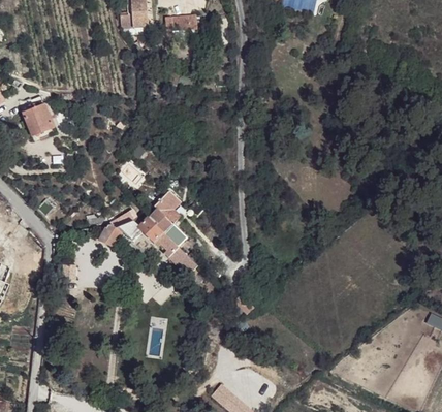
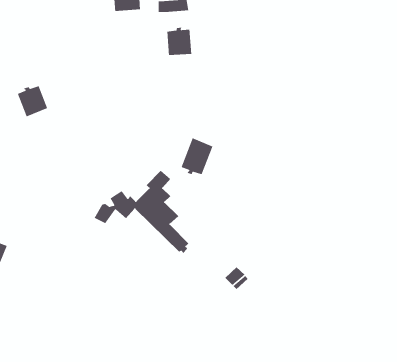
building: none -> [166,27,192,56]
building: none -> [181,137,213,175]

